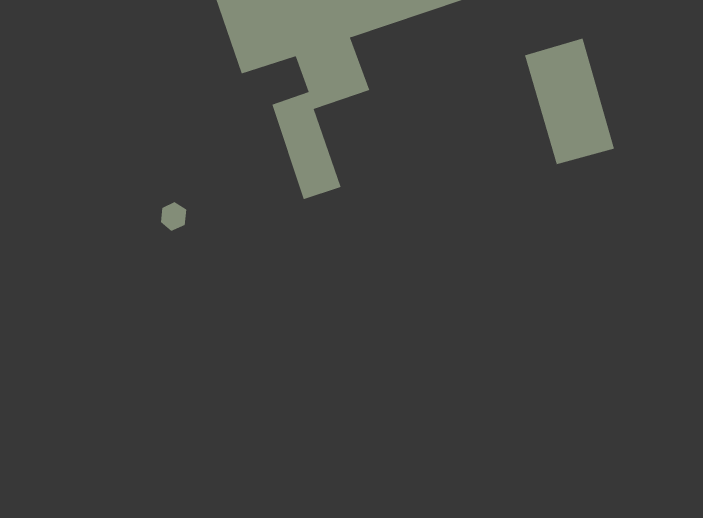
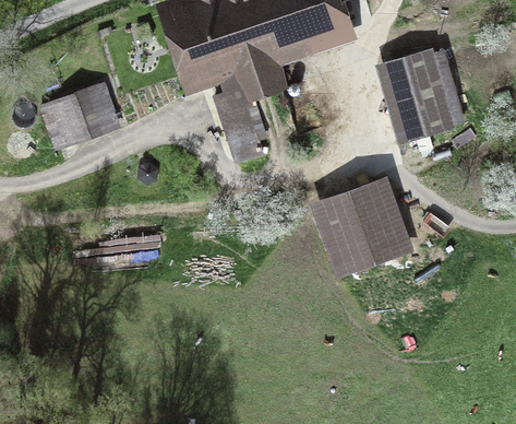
building: none -> [45,87,117,144]
building: none -> [325,185,400,273]

